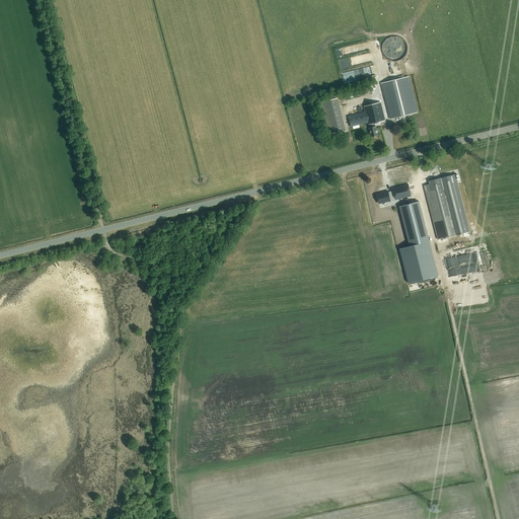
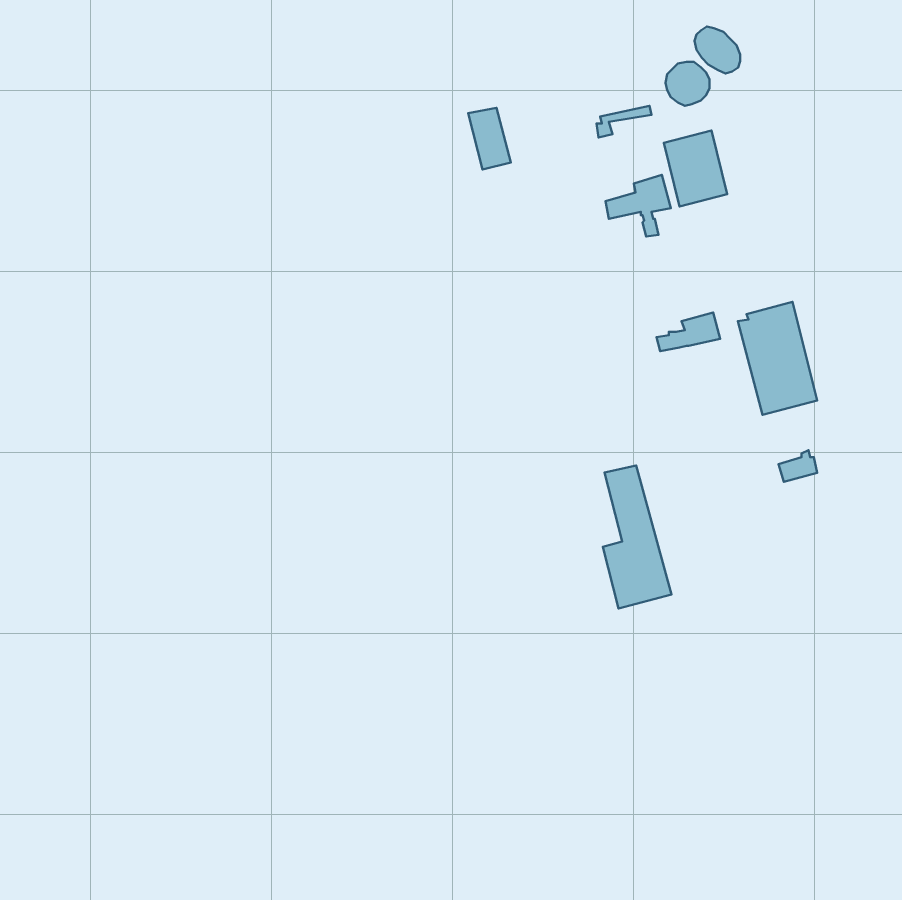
building: none -> [695,27,740,73]
building: [321,98,346,134] -> [468,108,511,170]
building: [398,202,438,284] -> [603,466,672,608]

